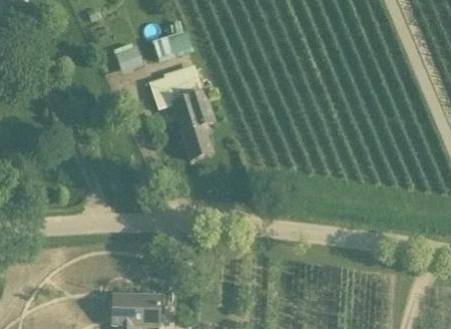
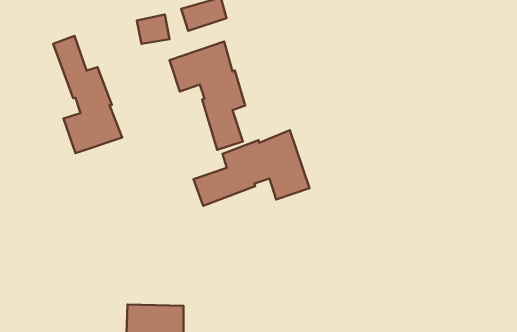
building: none -> [53,36,122,153]
building: none -> [194,130,310,206]

